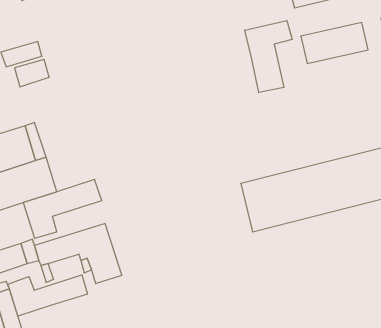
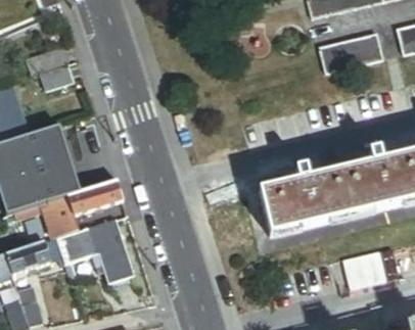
building: [245,21,292,93] -> none
building: [8,275,88,316] -> none

